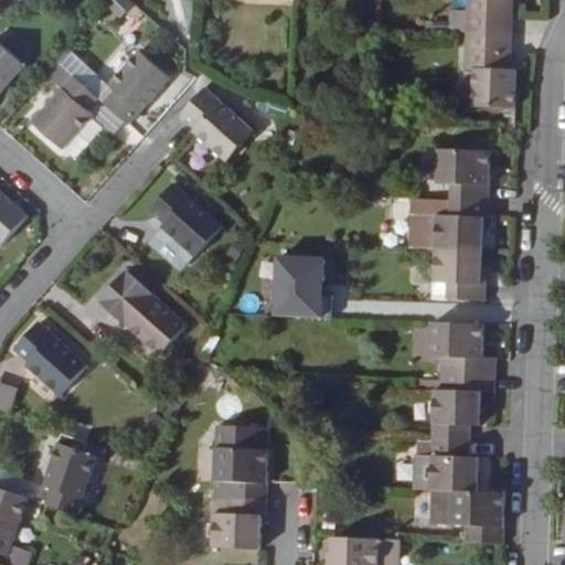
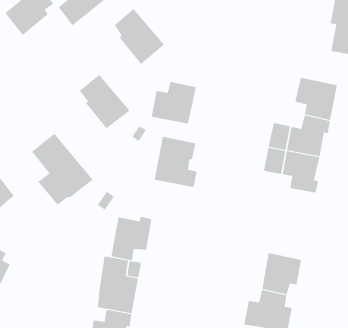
building: none -> [151,81,196,124]
building: [431,320,495,391] -> none
building: none -> [111,216,152,261]

